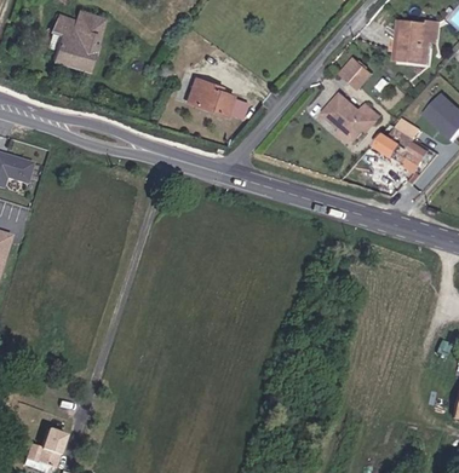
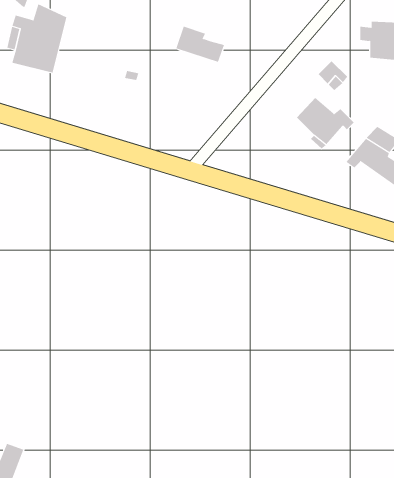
building: [185,75,233,110] -> [176,26,225,63]

